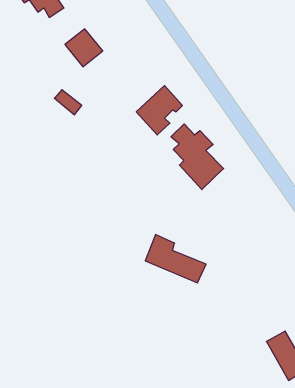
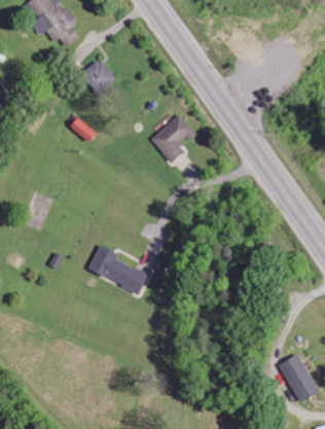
building: [171,124,224,190] -> none
building: [145,235,206,283] -> [88,244,148,291]

